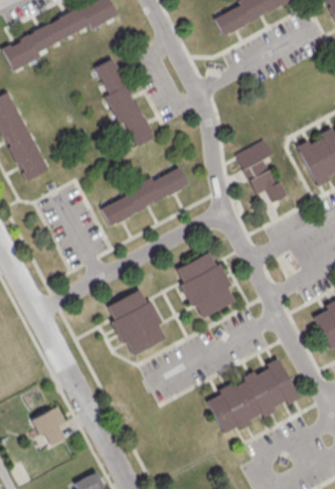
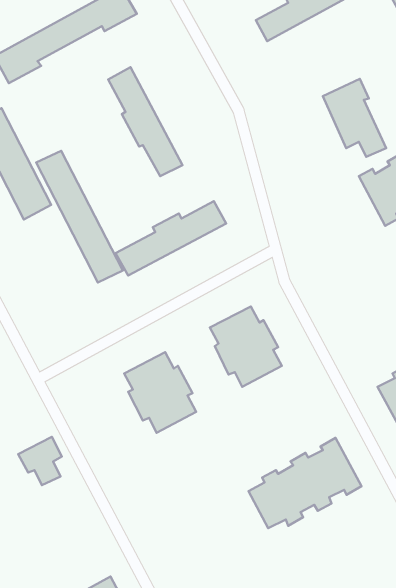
building: none -> [36,151,123,282]
building: [236,142,288,205] -> [323,79,386,157]
building: [32,405,67,445] -> [18,437,62,485]

